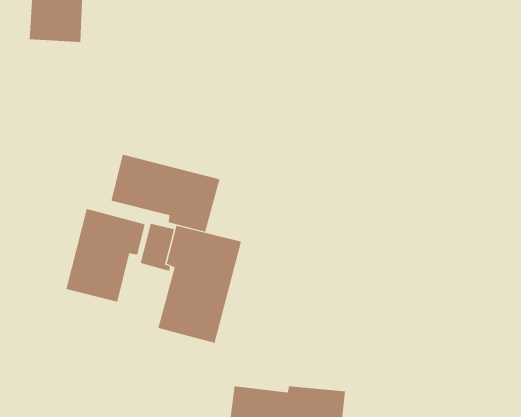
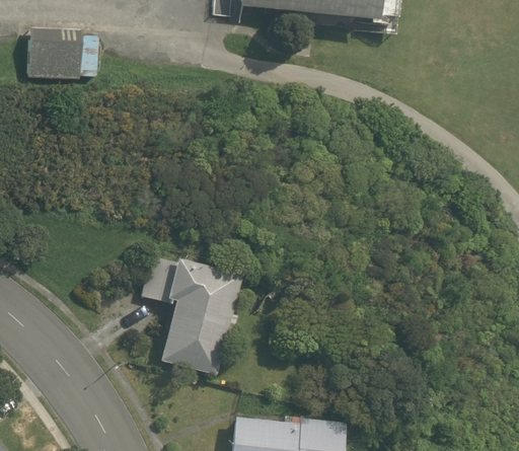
building: [111,154,220,232] -> none
building: [66,208,145,303] -> none

